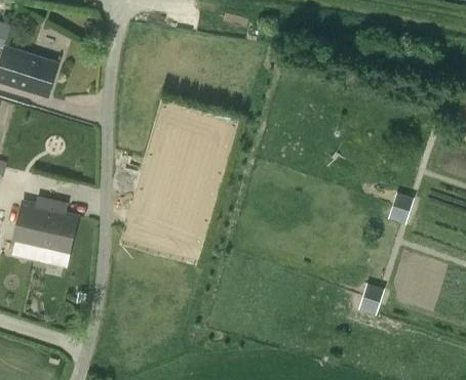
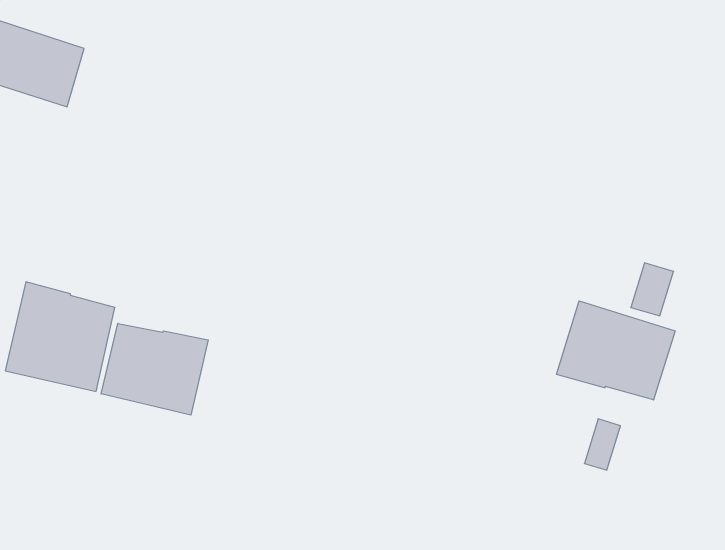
building: none -> [556,301,675,400]
building: none -> [101,323,208,415]

